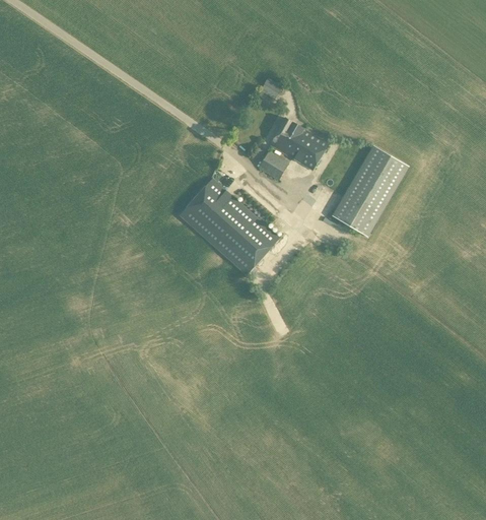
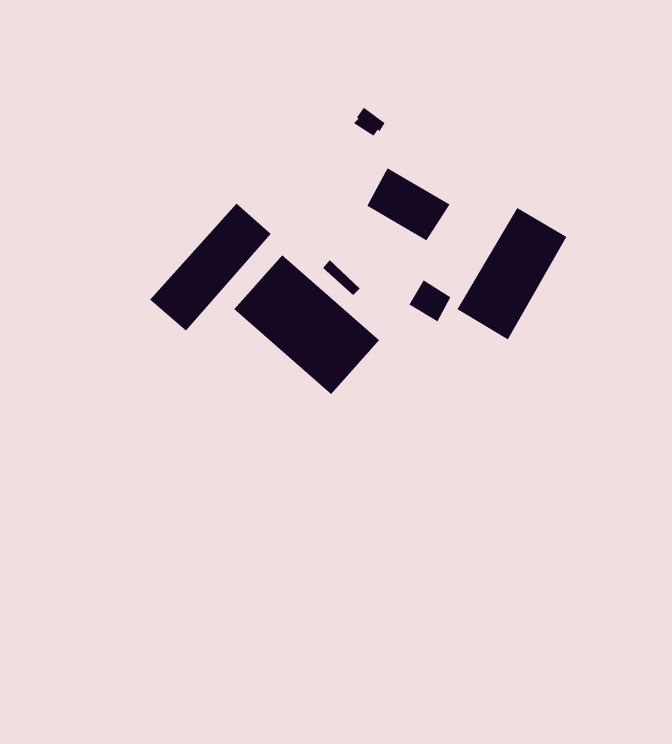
building: none -> [149,203,271,332]
building: [258,150,287,180] -> [408,279,451,322]

